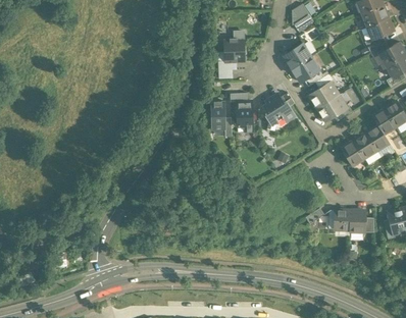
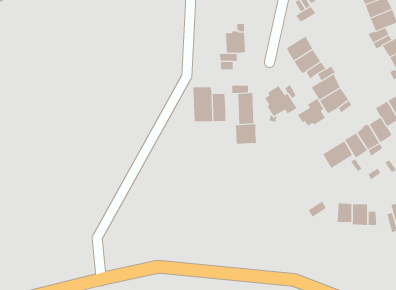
building: none -> [193,87,213,122]
building: none -> [297,98,326,127]
building: none -> [235,123,256,144]
building: none -> [323,140,353,169]

